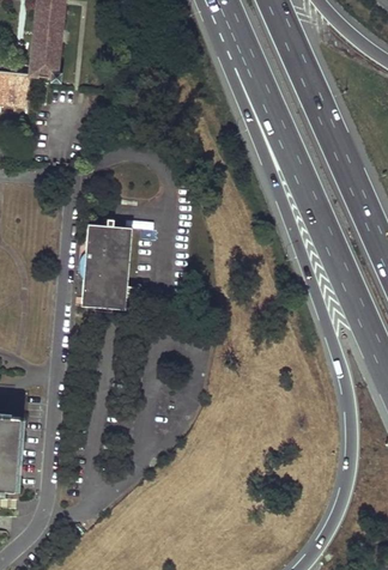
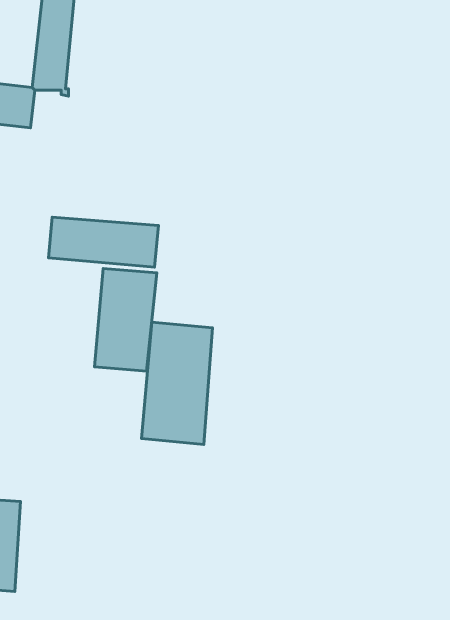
building: none -> [48,217,159,267]
building: none -> [141,322,212,444]

